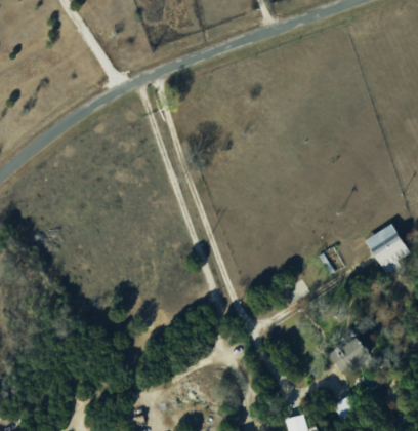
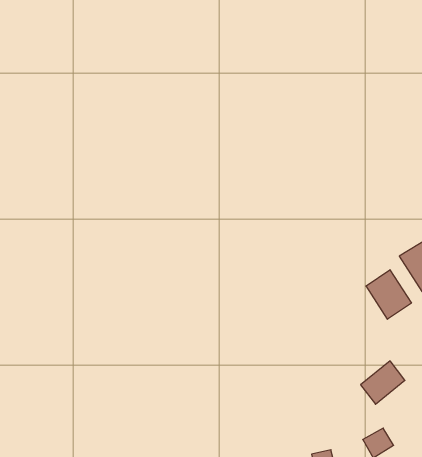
building: none -> [366,270,411,319]

